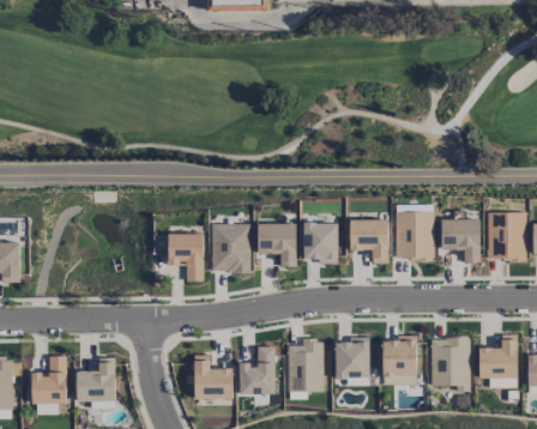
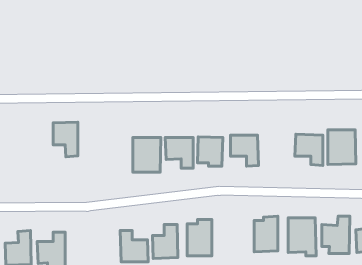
building: [394,204,434,260] -> none
building: [168,232,203,282] -> [53,122,78,157]
building: [334,337,369,385] -> none

